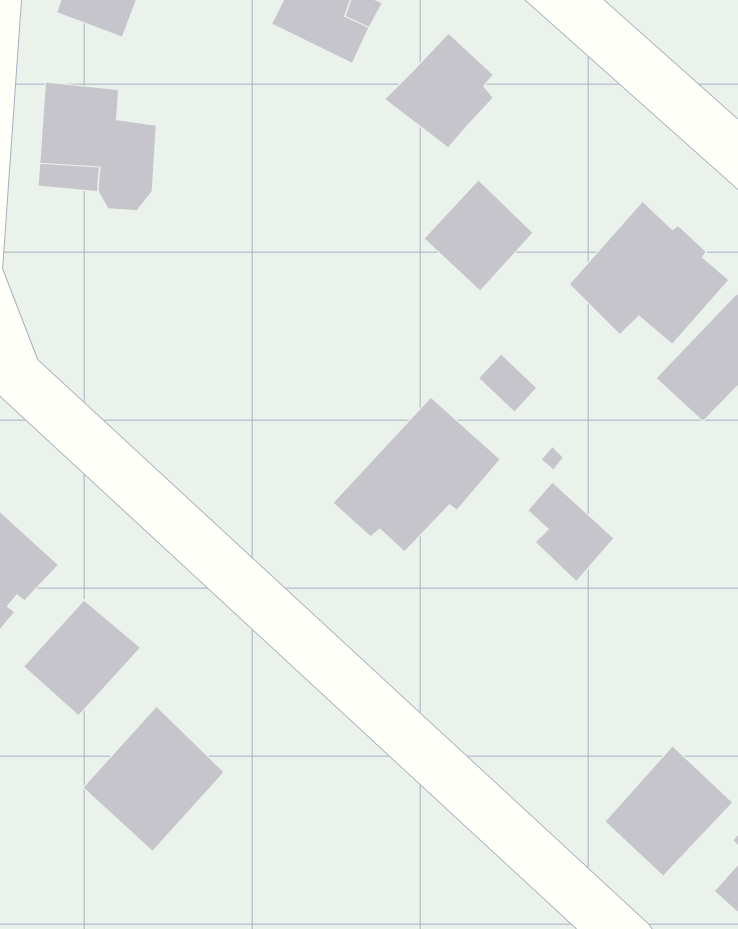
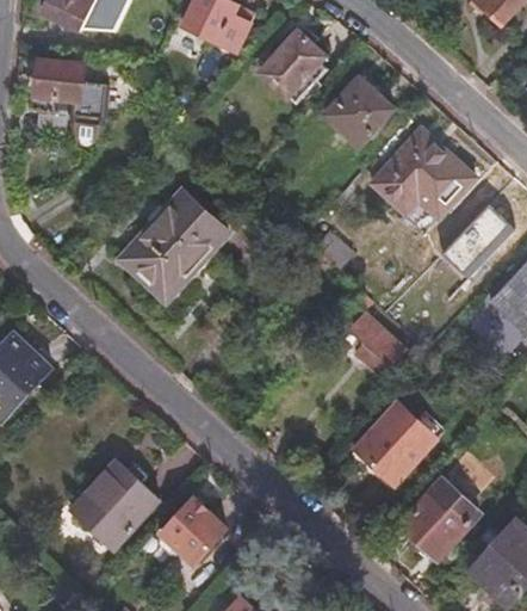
building: [424,180,533,291] -> [326,76,395,147]
building: [333,397,500,552] -> [118,192,224,290]
building: [23,600,141,716] -> none
building: none -> [354,409,433,487]
building: none -> [162,498,224,562]

